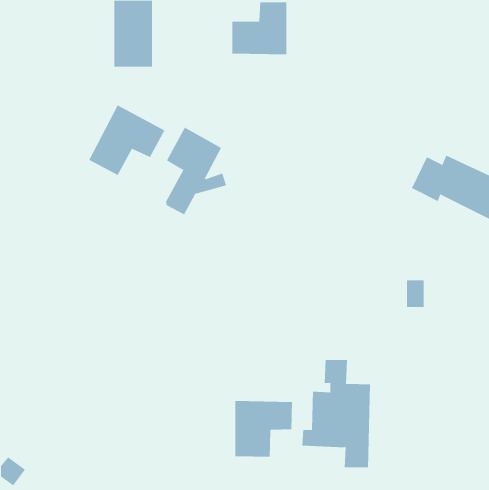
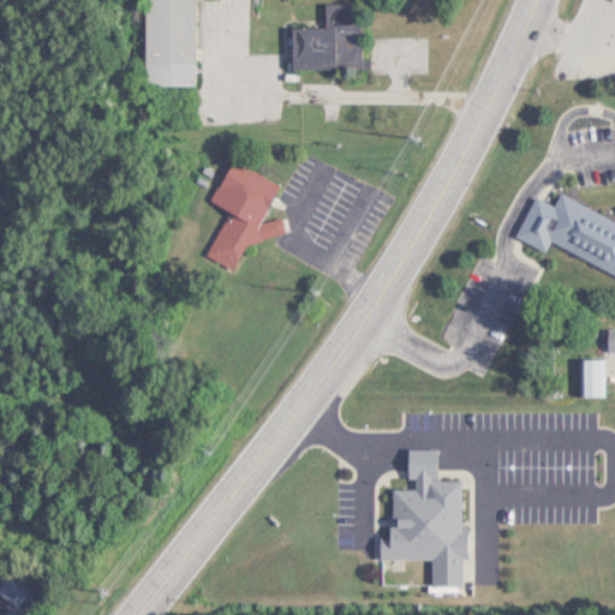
building: [88,104,165,176] -> none
building: [406,280,424,308] -> [581,362,604,396]
building: [235,400,293,458] -> none

